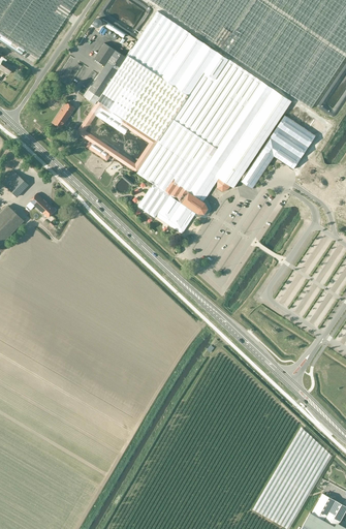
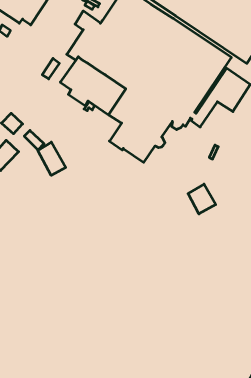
building: none -> [38,142,66,175]
building: none -> [188,184,216,214]

